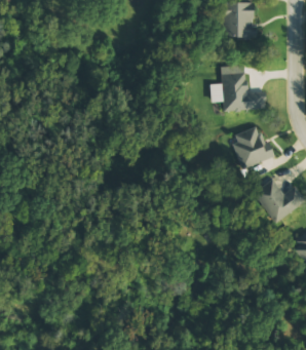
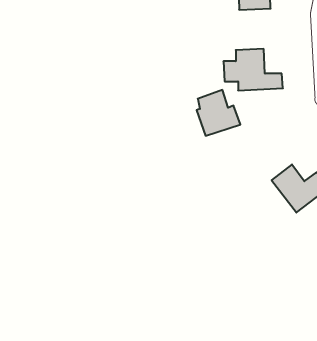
building: [234,126,274,168] -> [197,90,240,136]

